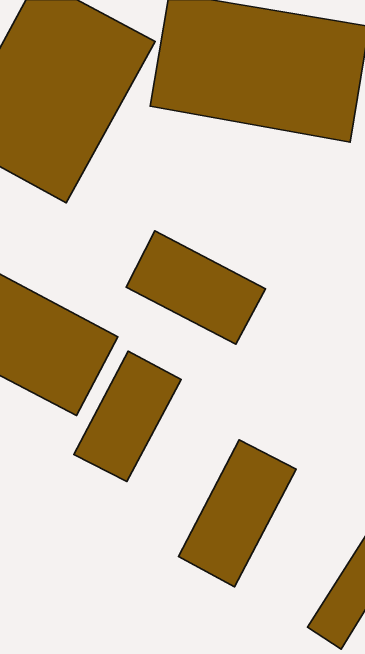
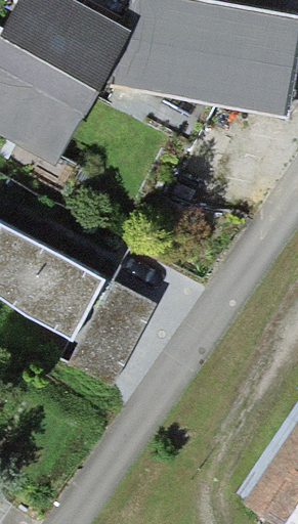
building: [126,231,265,344] -> none
building: [179,440,296,587] -> none

